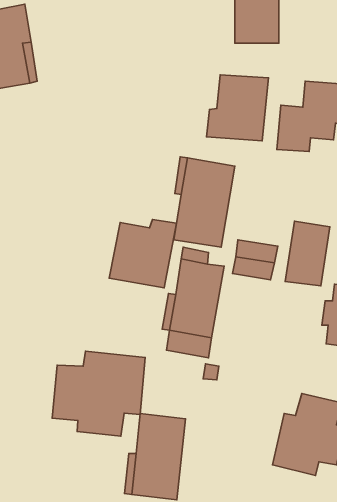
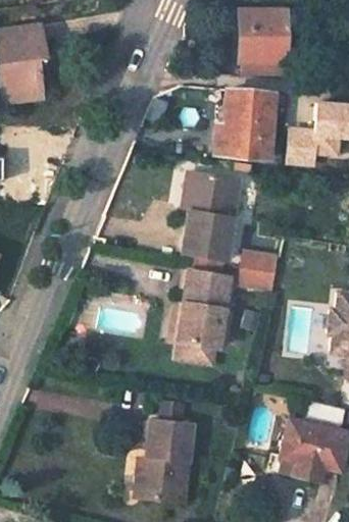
building: [109,220,177,288] -> none
building: [285,221,330,286] -> none
building: [52,351,145,436] -> none

